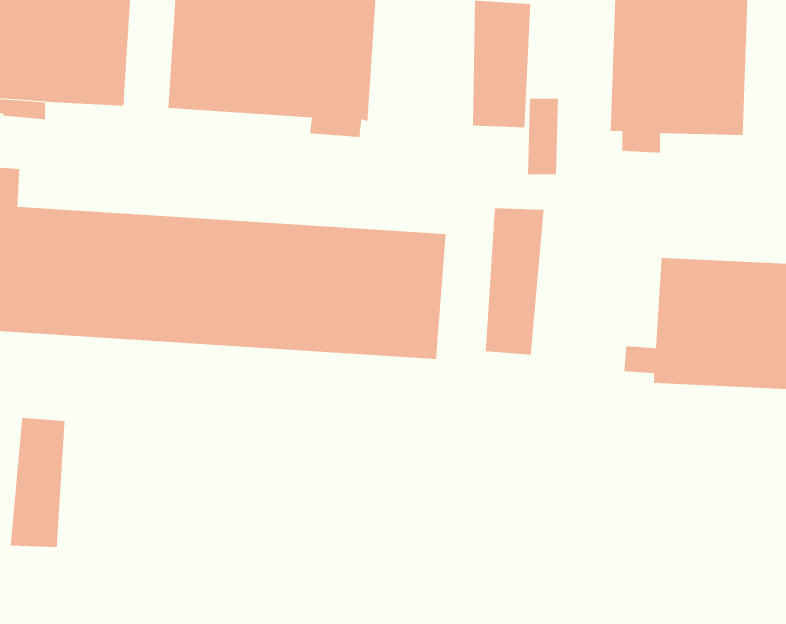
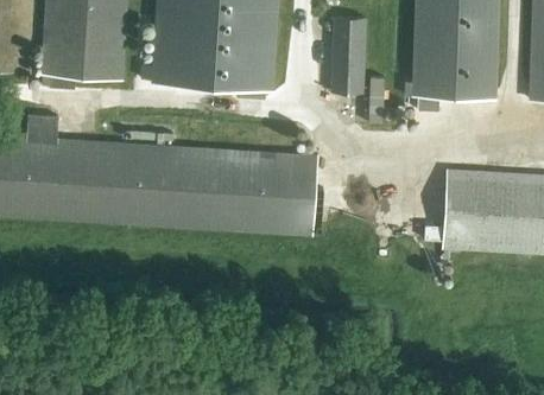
building: [485,208,544,356] -> none
building: [10,417,65,548] -> none

